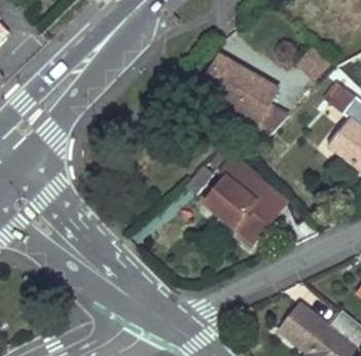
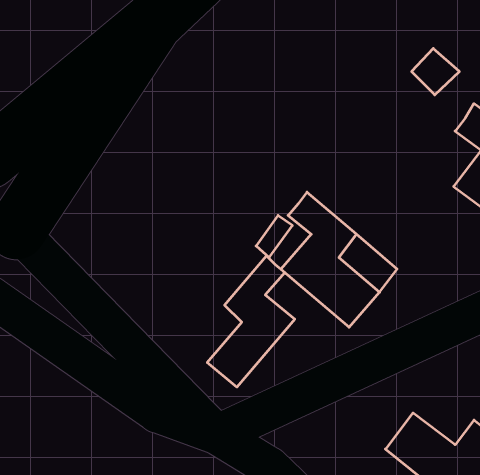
building: [201,60,287,142] -> none
building: none -> [207,256,295,387]

